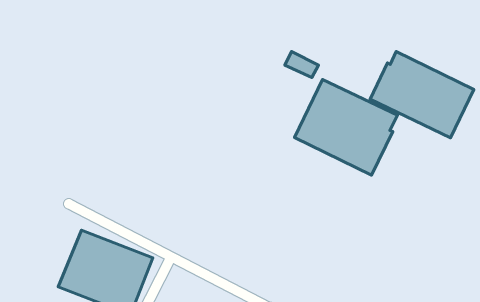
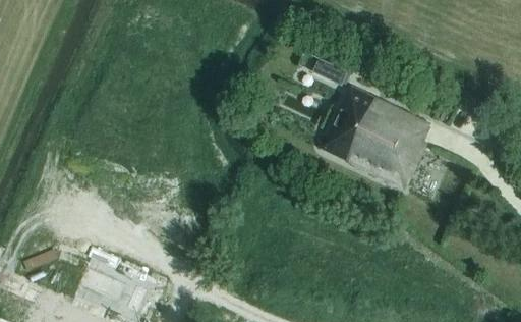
building: [370,51,474,138] -> none

